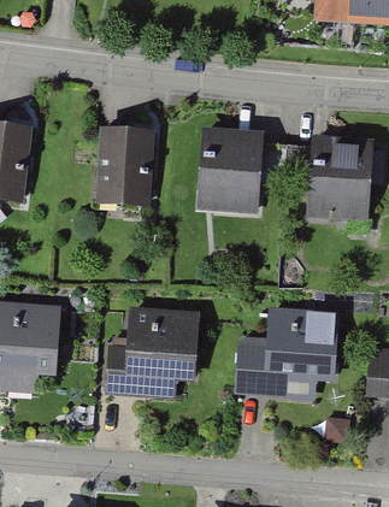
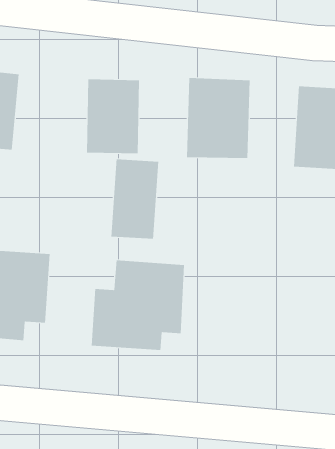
building: none -> [111,159,159,240]
building: [232,309,337,400] -> none

